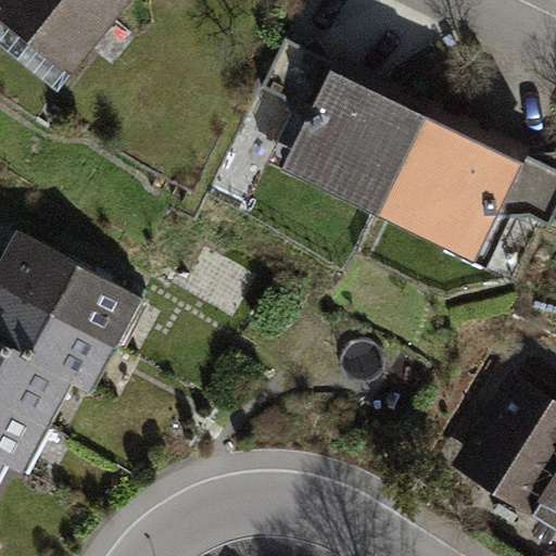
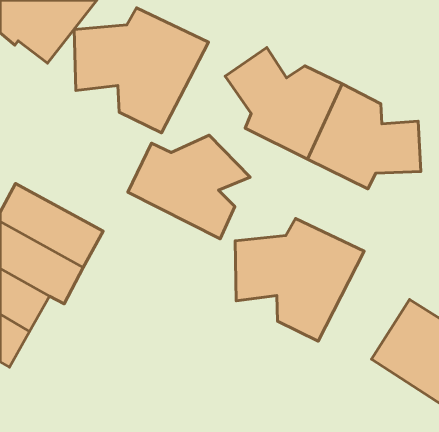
building: none -> [74,8,208,133]
building: none -> [128,135,250,239]
building: none -> [235,219,364,341]

